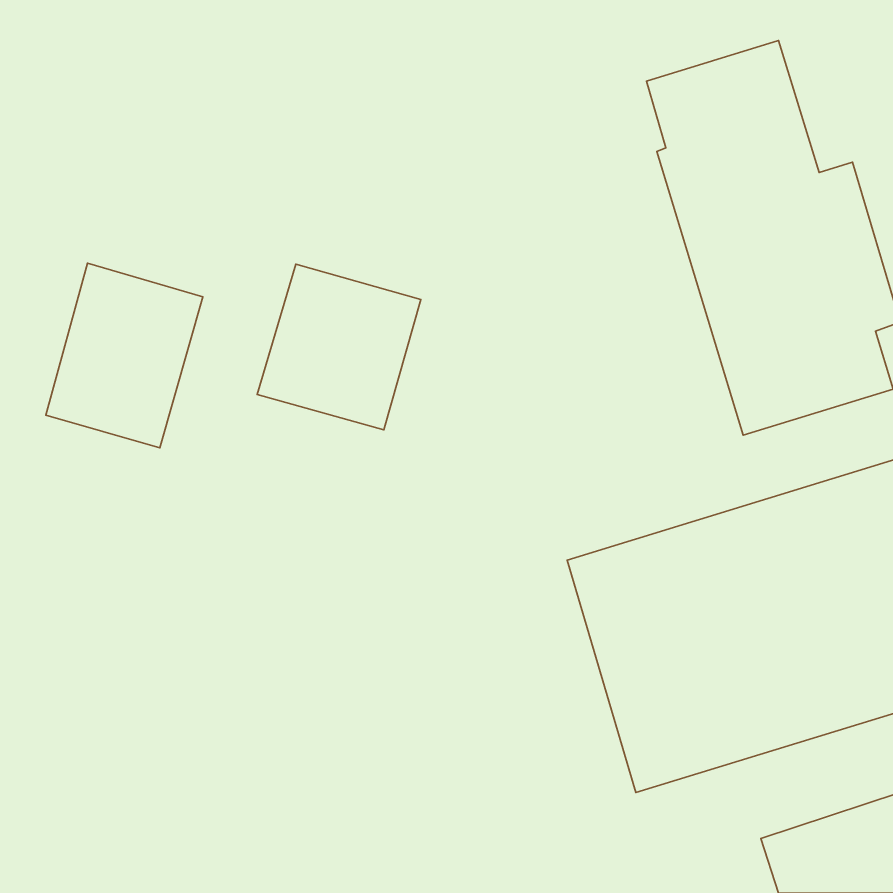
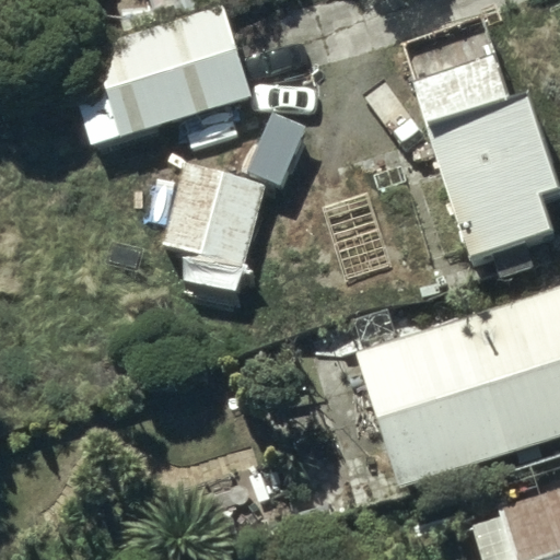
building: none -> [69,13,254,143]
building: [46,263,203,448] -> none

